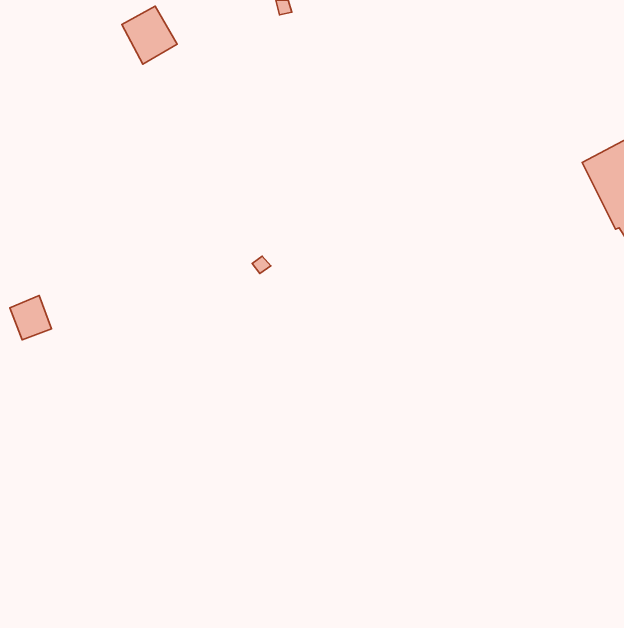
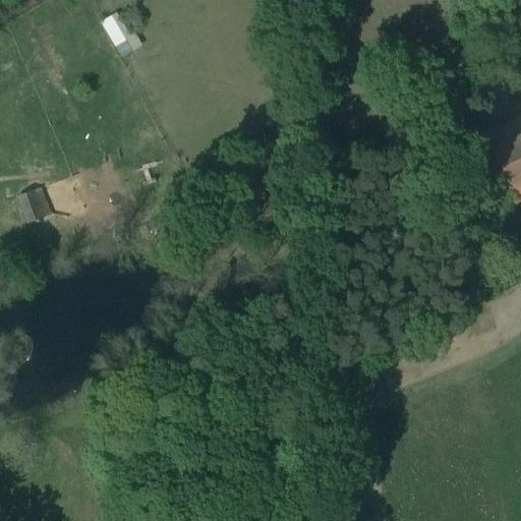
building: [10,296,52,340] -> [20,188,55,225]

